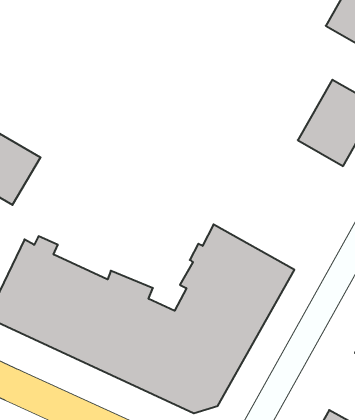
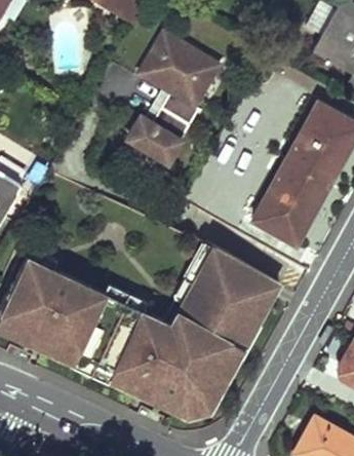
building: none -> [129,34,220,162]
building: none -> [253,162,328,243]

